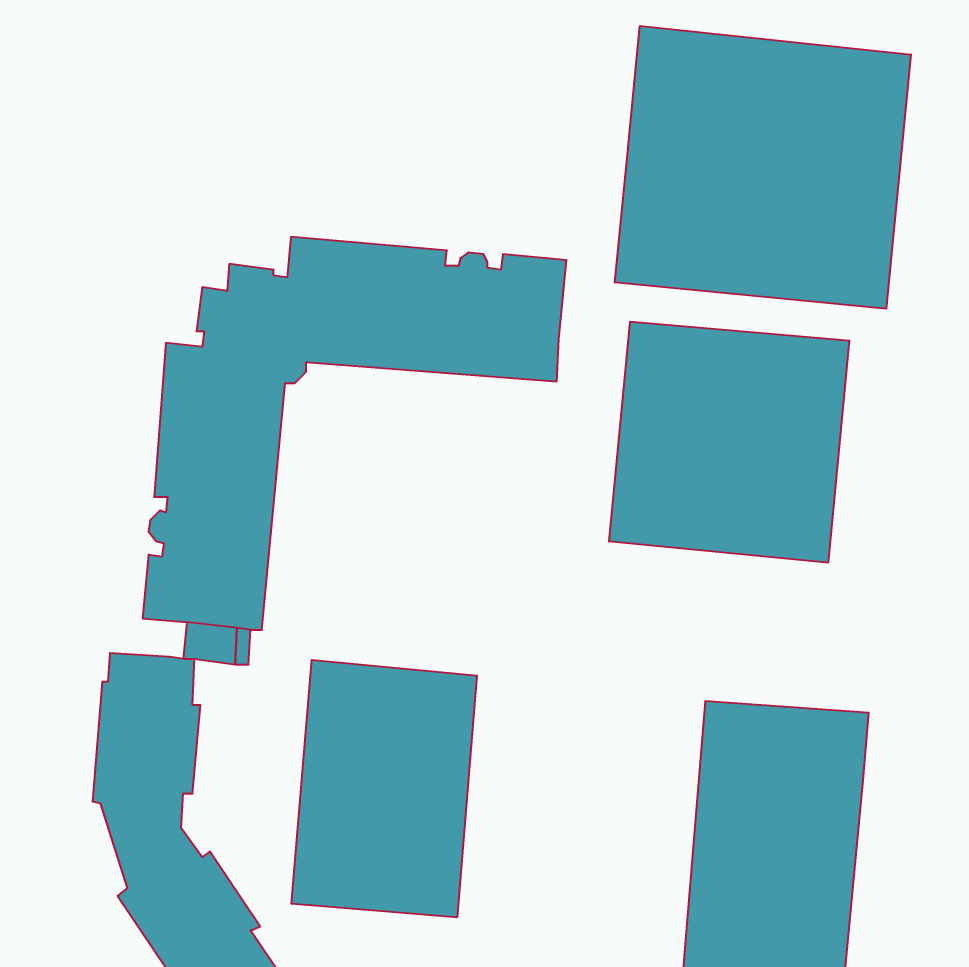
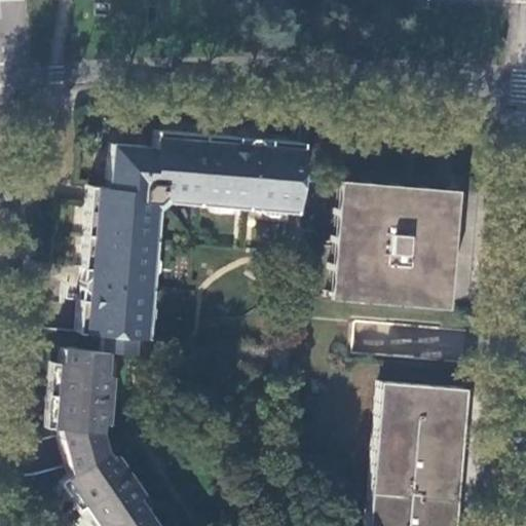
building: [615,26,911,309] -> none
building: [292,660,477,917] -> none

